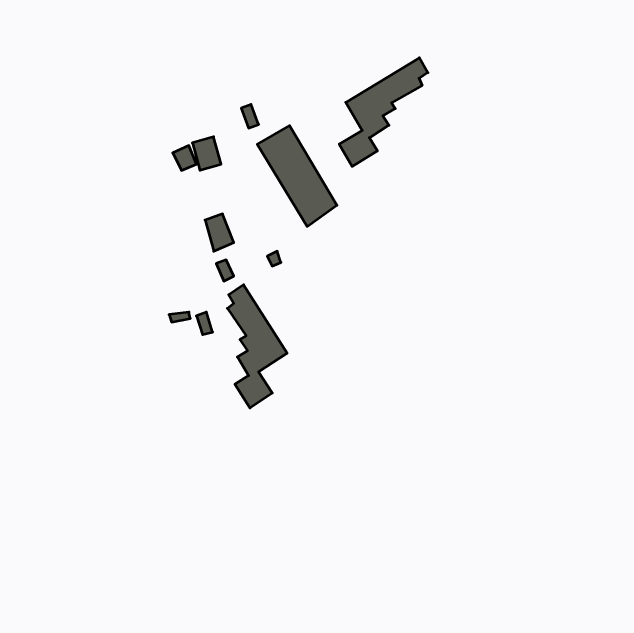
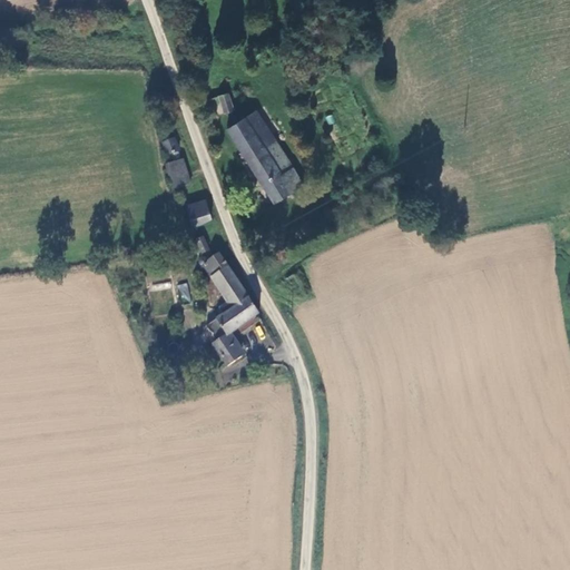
building: [339,58,428,166] -> none
building: [192,137,221,170] -> [165,158,190,188]

